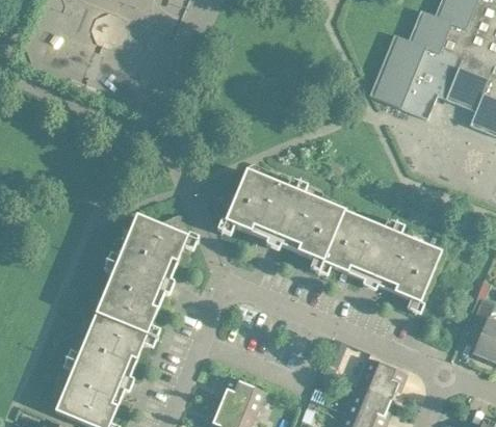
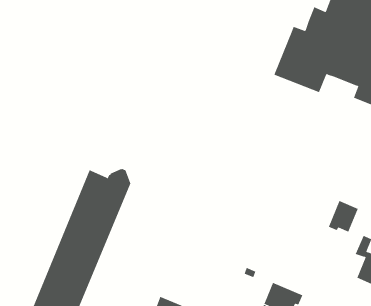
building: [213,170,442,303] -> none
building: none -> [328,200,358,232]

